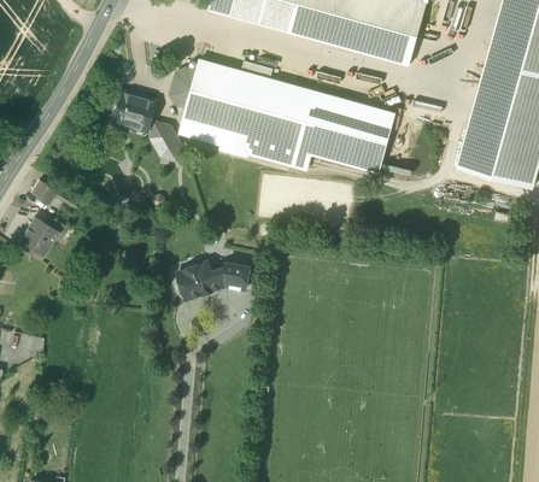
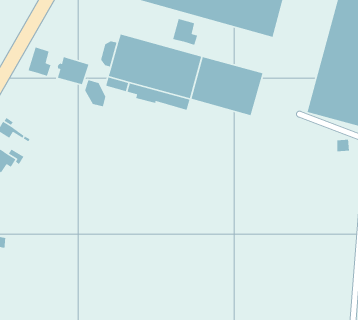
building: none -> [172,18,198,46]
building: none -> [28,47,52,77]
building: [177,261,250,300] -> none

